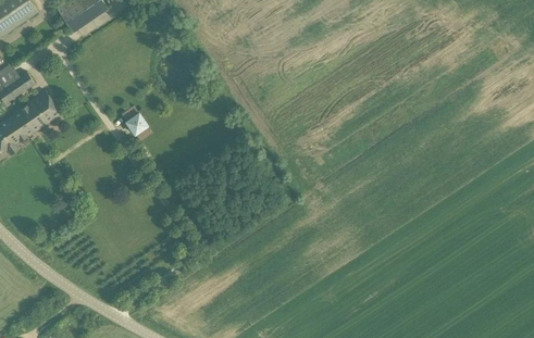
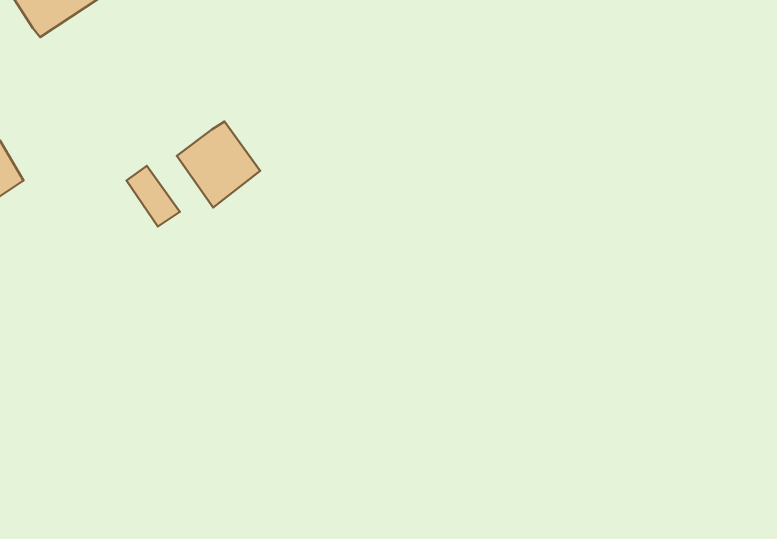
building: none -> [177,121,260,207]

